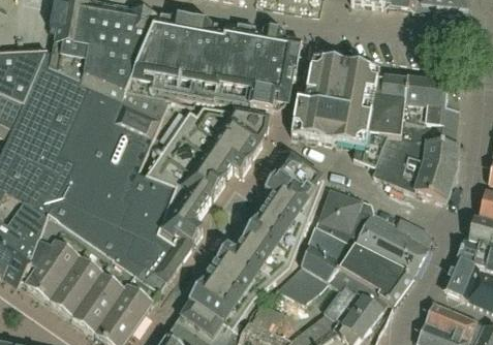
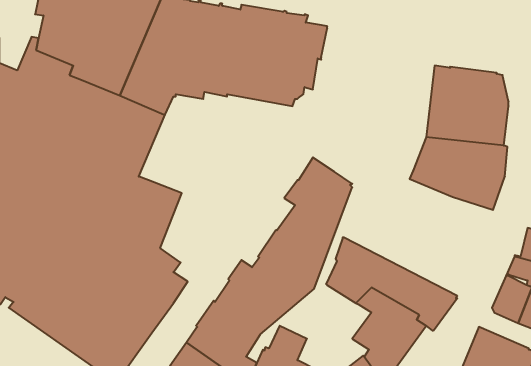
building: [290,57,394,165] -> none
building: [146,104,270,261] -> none
building: [315,186,430,274] -> none
building: [275,264,328,302] -> none

